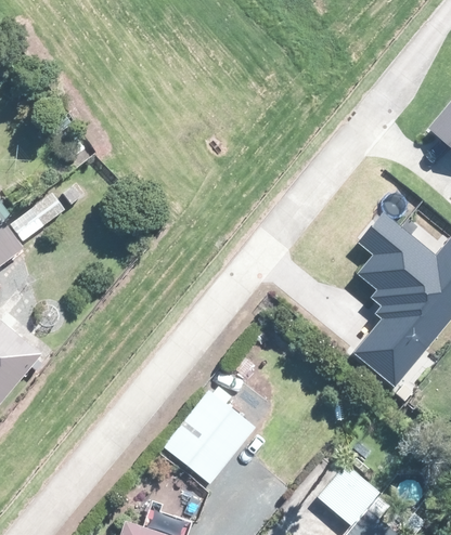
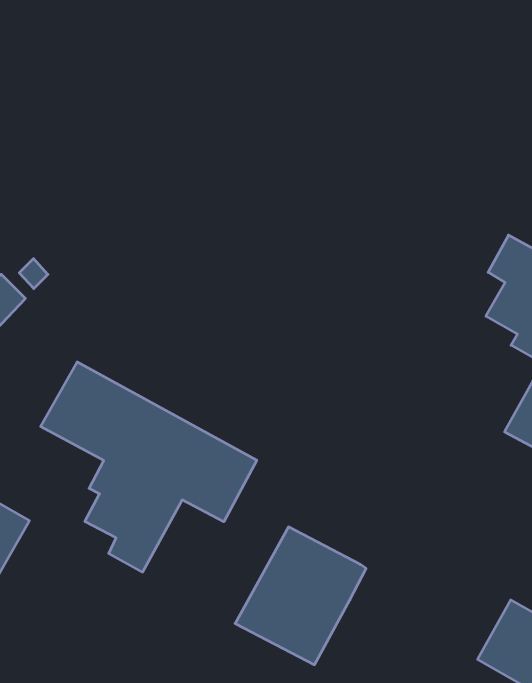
building: none -> [41,362,257,572]

